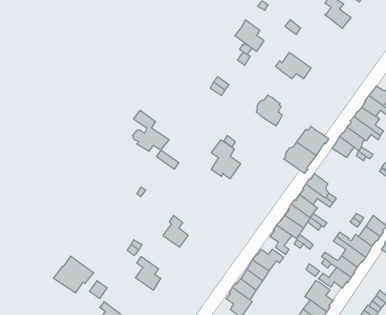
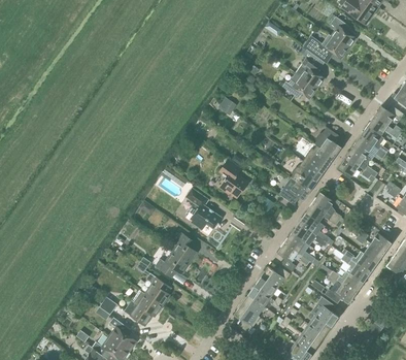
building: none -> [316,34,348,59]
building: [235,20,264,51] -> [296,58,325,89]
building: [256,95,282,126] -> [315,128,341,158]
building: [132,110,169,151] -> [185,189,222,229]
building: none -> [279,177,311,203]
building: none -> [155,253,189,277]
building: [54,256,94,293] -> [124,290,163,326]

